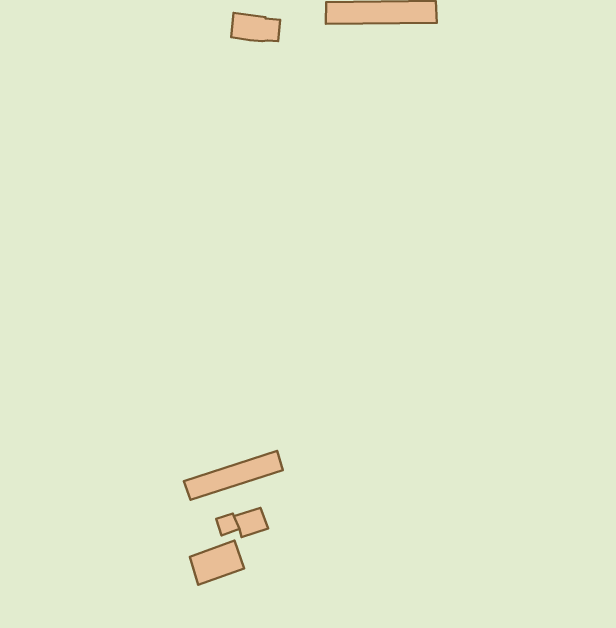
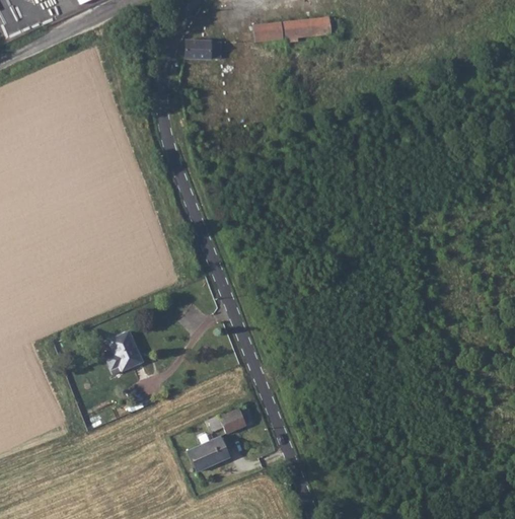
building: none -> [108,330,142,370]
building: [184,451,283,500] -> none

